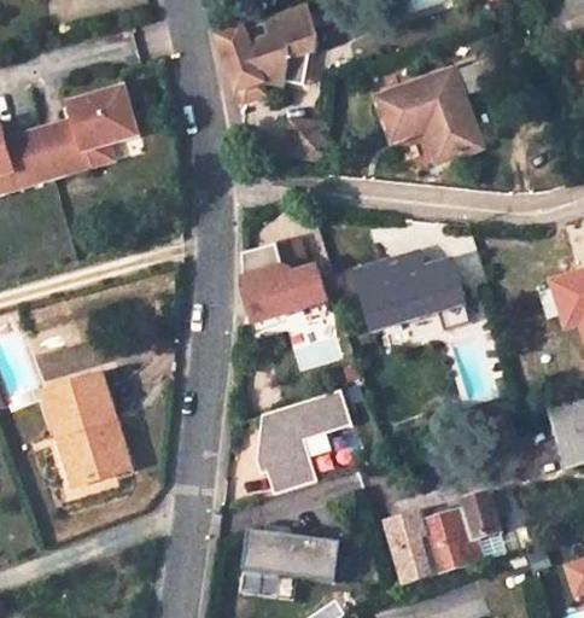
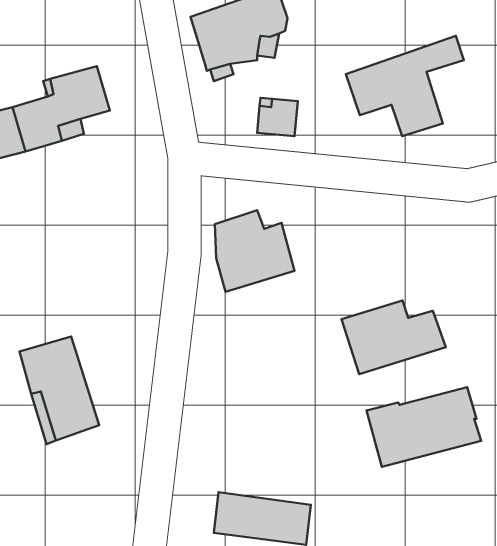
building: [355,255,462,331] -> [342,300,446,374]
building: [246,389,348,494] -> none
building: [387,497,506,579] -> [367,387,481,467]

